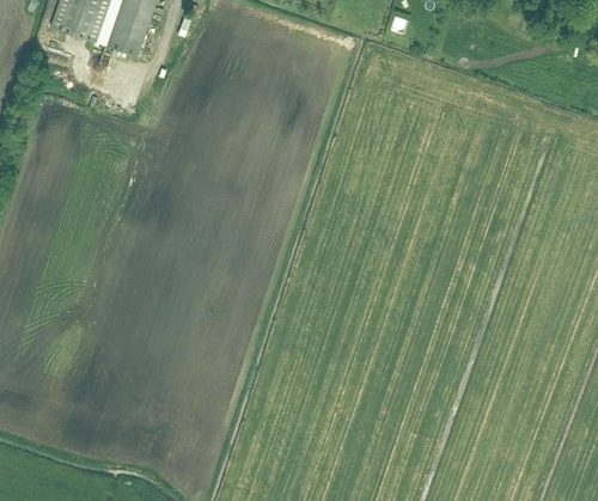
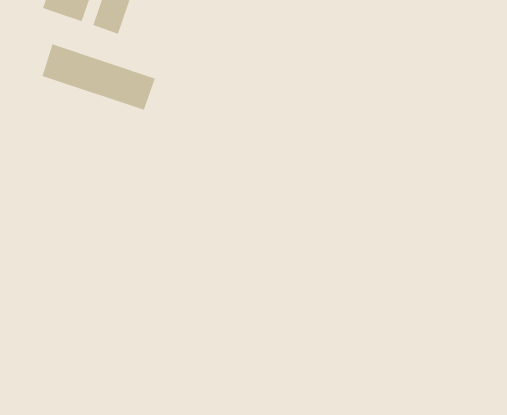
building: none -> [42,43,155,110]

